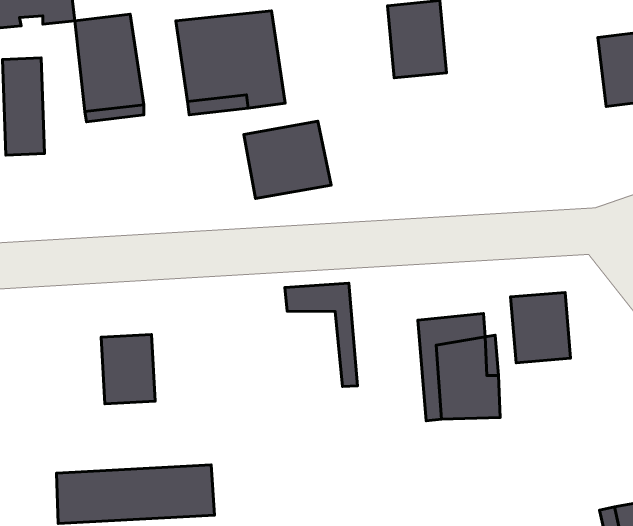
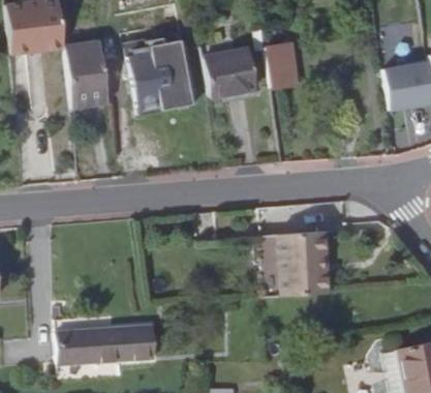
building: [244,121,331,198] -> [204,49,257,96]
building: [285,283,357,387] -> none
building: [511,292,571,363] -> none
building: [101,335,155,404] -> none

